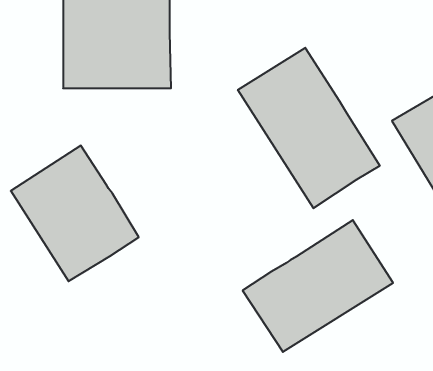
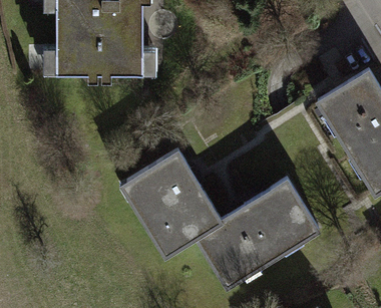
building: [238,48,380,208] -> none
building: [11,146,139,281] -> [121,148,224,257]

